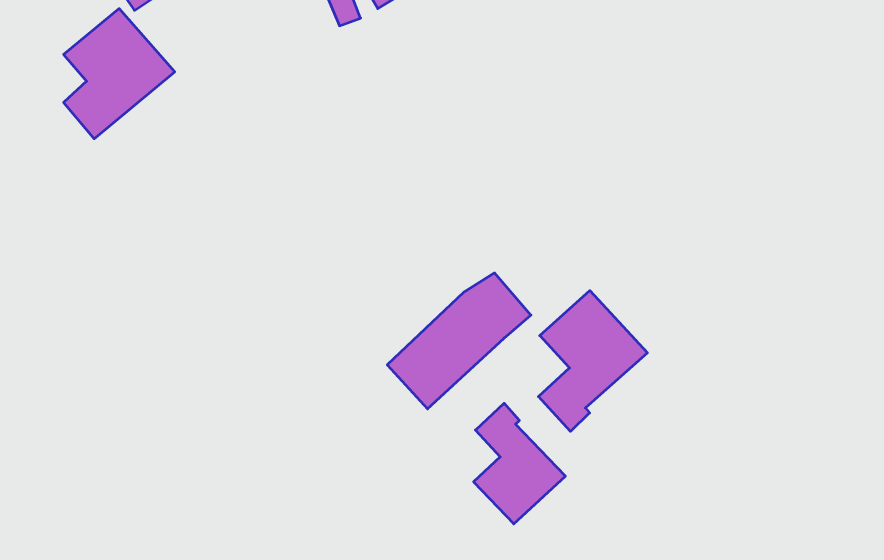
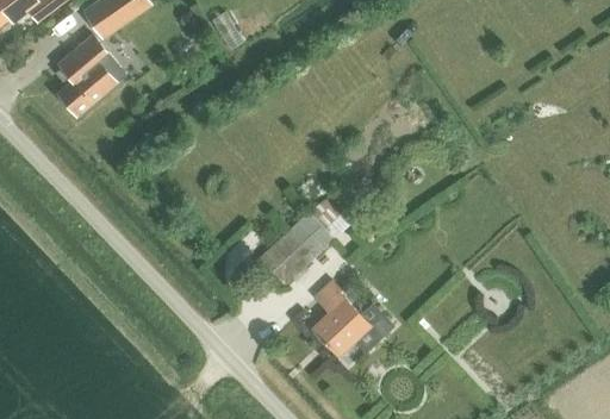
building: [538,291,647,431] -> none

